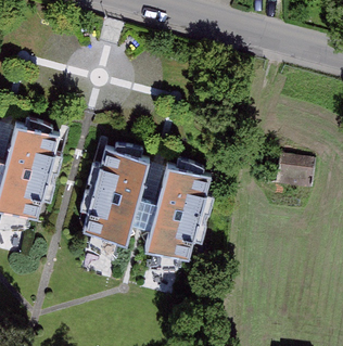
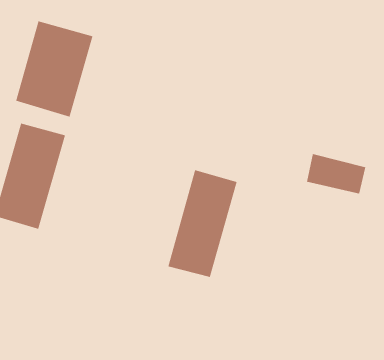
building: none -> [16,20,93,117]
building: [82,148,151,245] -> none

